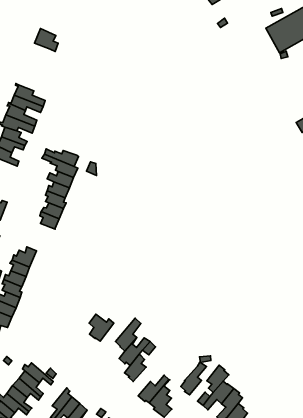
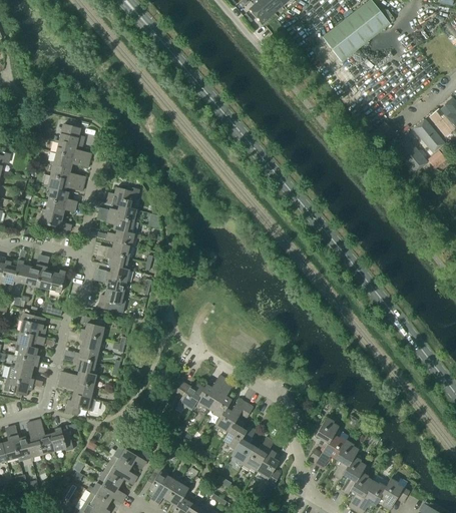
building: [35,29,58,52] -> [59,123,85,146]
building: none -> [107,186,139,208]
building: none -> [98,290,129,314]
building: none -> [191,375,226,410]
building: [181,362,206,395] -> [232,426,257,464]

